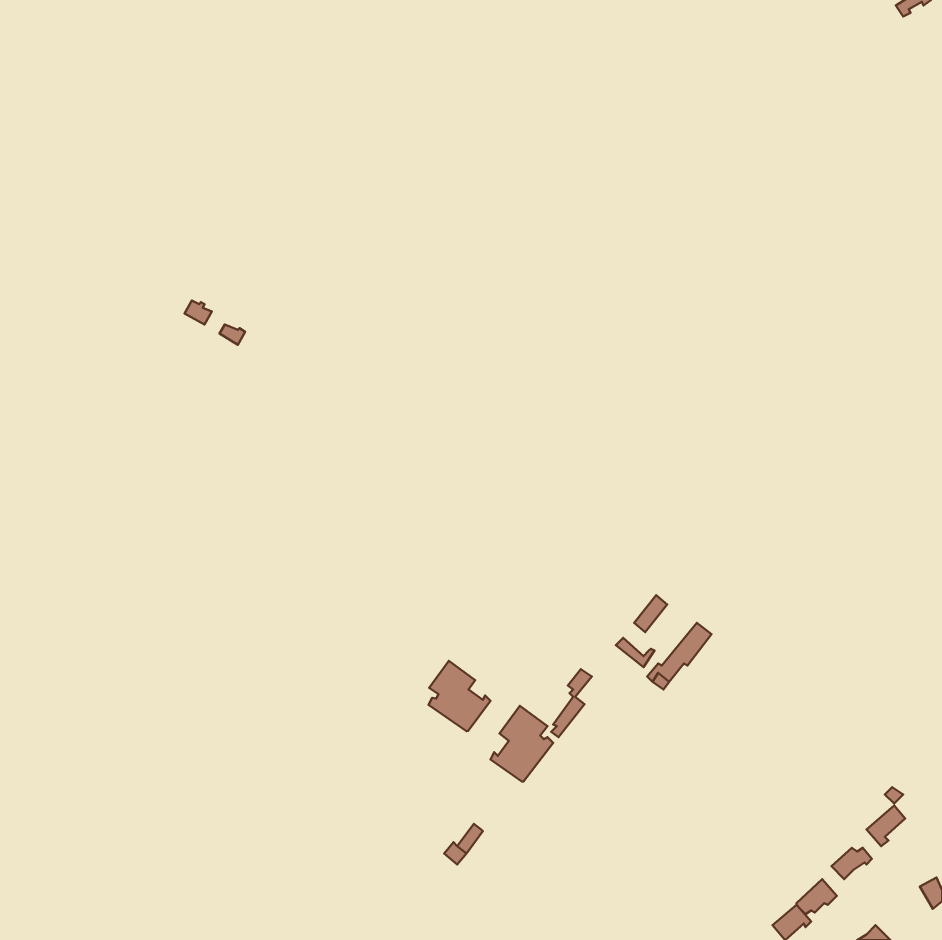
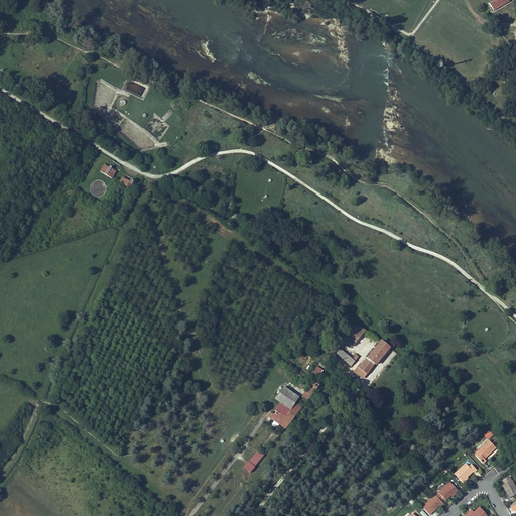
building: [429,661,491,731] -> none

